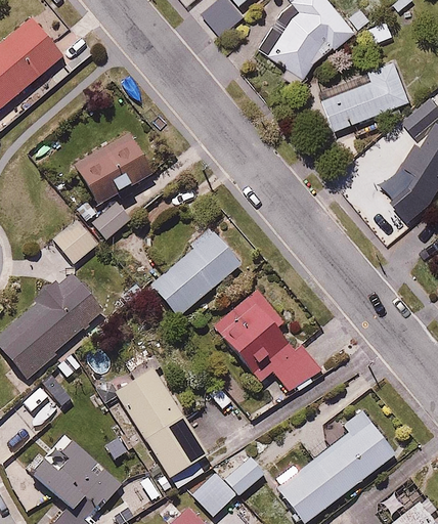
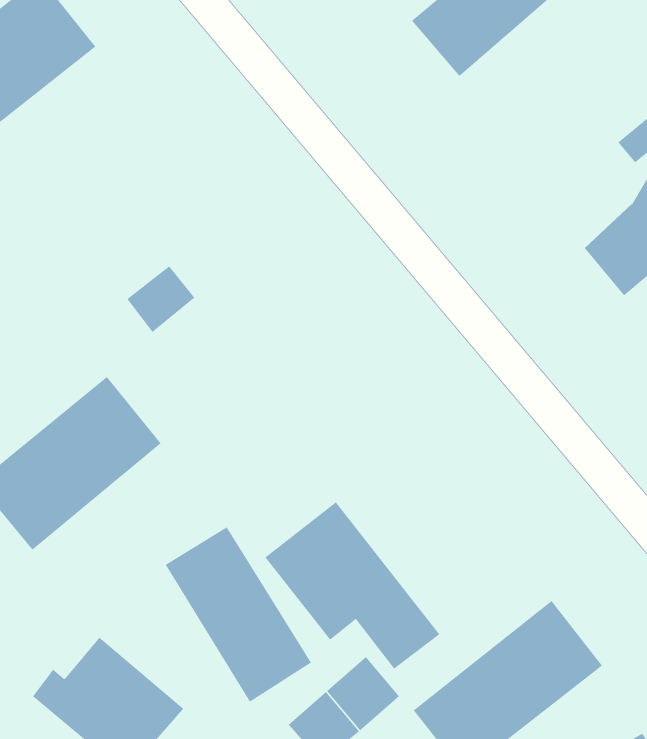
building: [318,56,409,129] -> none
building: [71,129,150,203] -> none
building: [54,221,100,267] -> none
building: [145,226,244,320] -> none
building: [210,289,322,396] -> [264,501,440,669]

